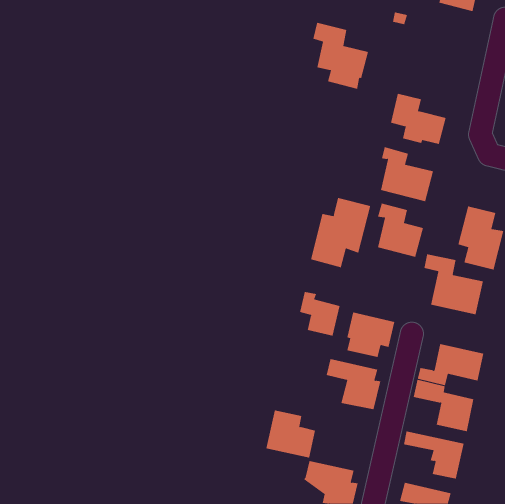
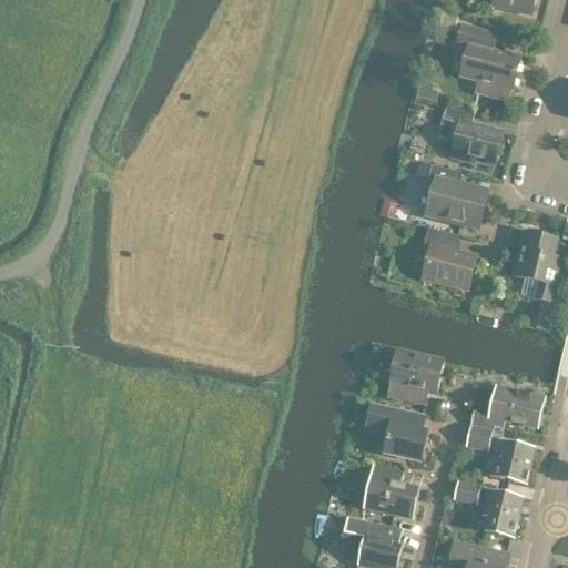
building: [312,22,369,89] -> [456,24,519,100]
building: [310,197,371,268] -> none
building: [424,254,484,315] -> none
building: [300,291,340,336] -> none
building: [265,410,316,458] -> [362,463,418,517]

